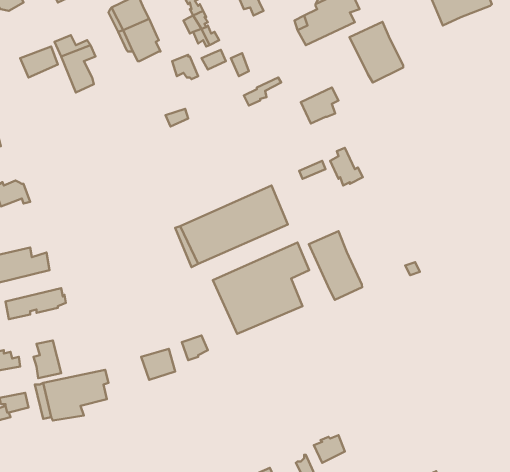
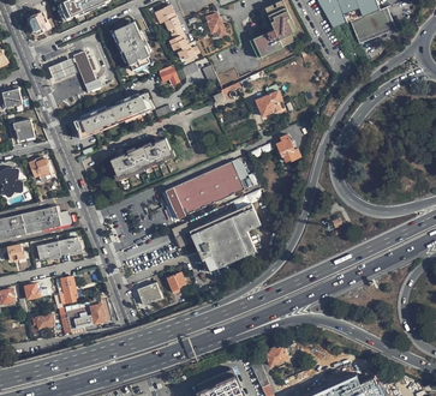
building: [350,22,403,83] -> none
building: none -> [78,92,151,134]
building: none -> [111,138,173,179]
building: [309,231,362,300] -> none

